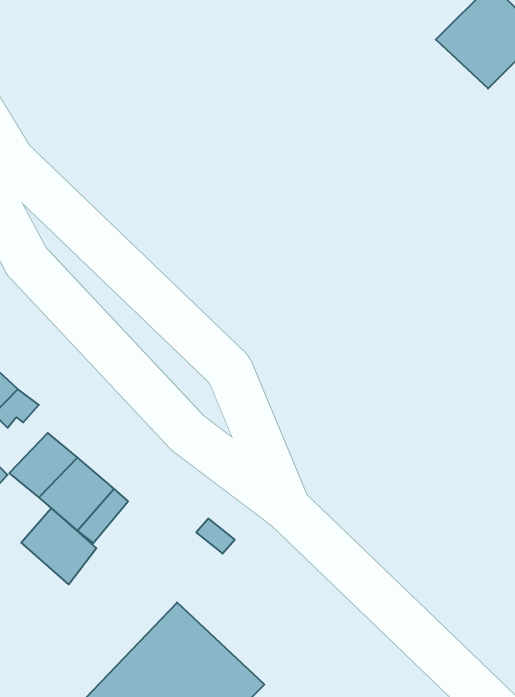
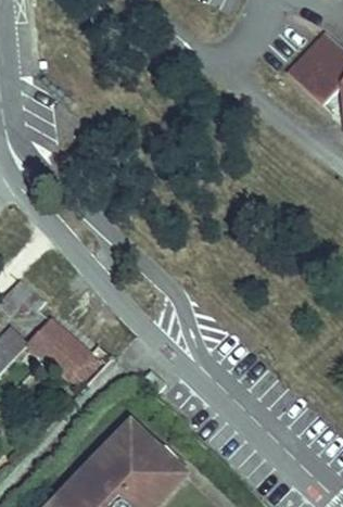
building: [21,508,96,584] -> none

